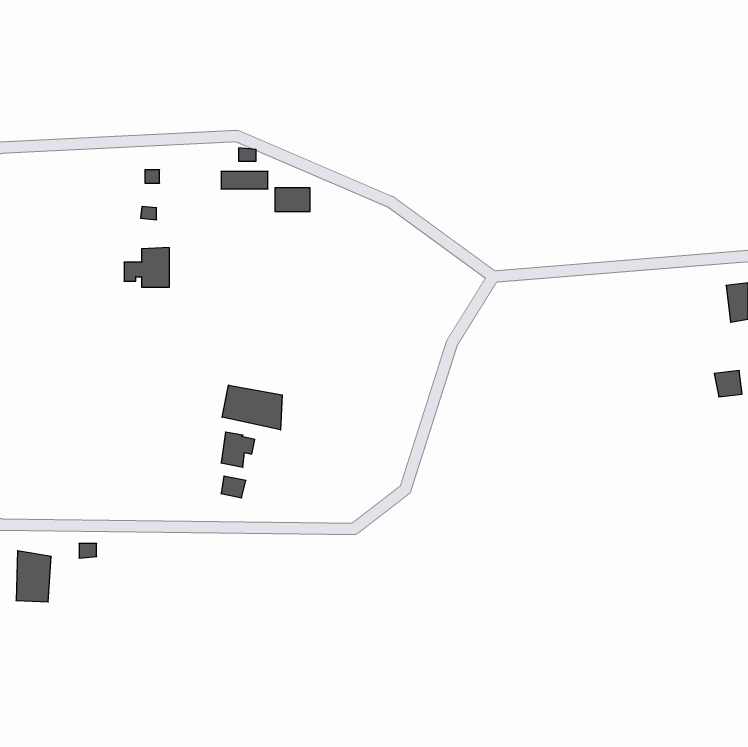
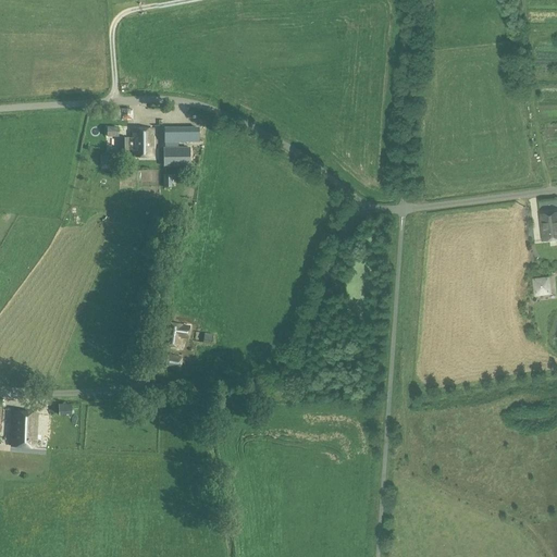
building: [275,188,310,211] -> [164,147,190,164]
building: [124,248,169,287] -> [120,127,153,157]
building: [222,385,282,430] -> none

